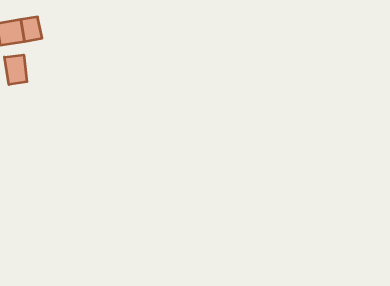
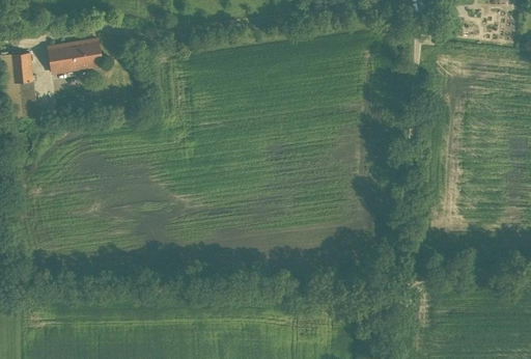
building: [4,55,27,85] -> none

